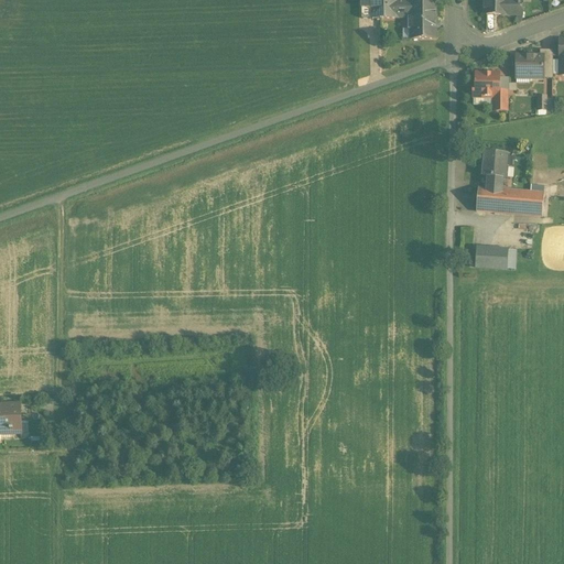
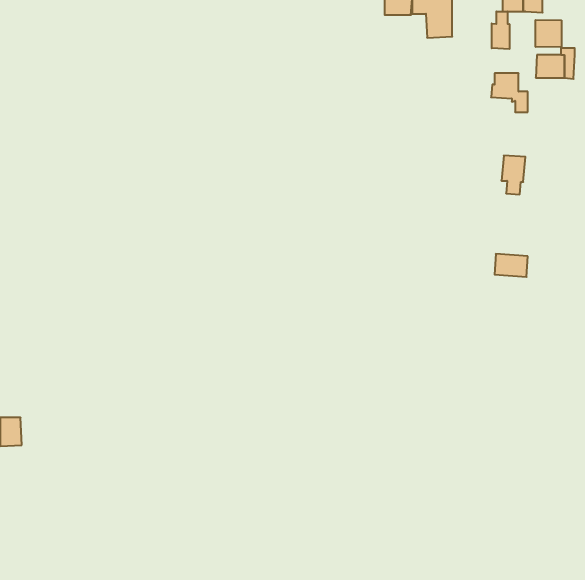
building: none -> [492,11,509,49]
building: none -> [536,20,561,47]
building: [476,185,543,213] -> none

